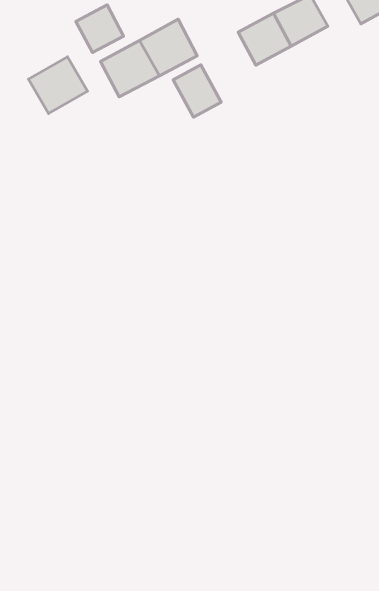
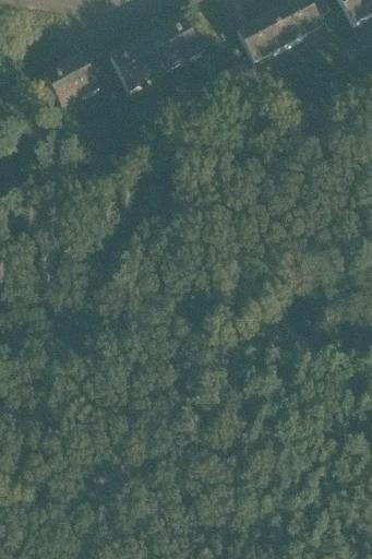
building: [76,5,124,53] -> none
building: [173,65,221,117] -> none

